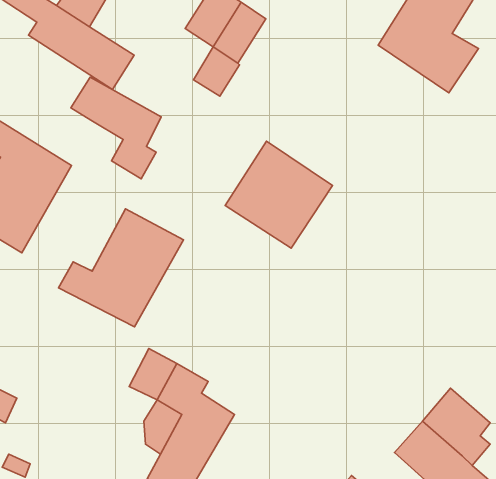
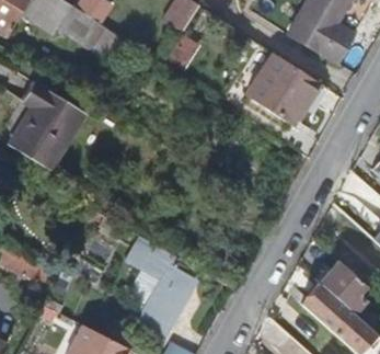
building: [71,77,161,179] -> none
building: [225,141,332,248] -> [246,54,318,125]
building: [58,209,184,327] -> none

